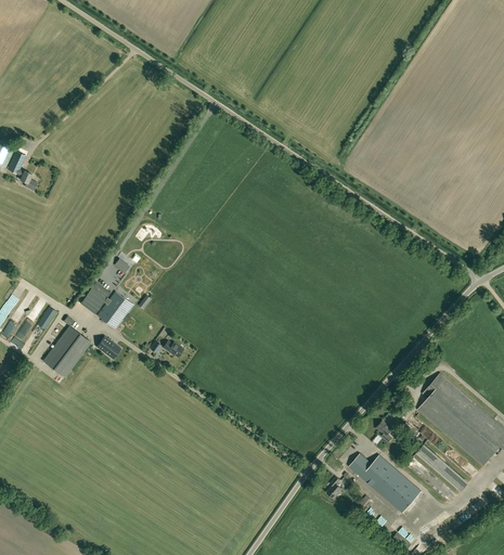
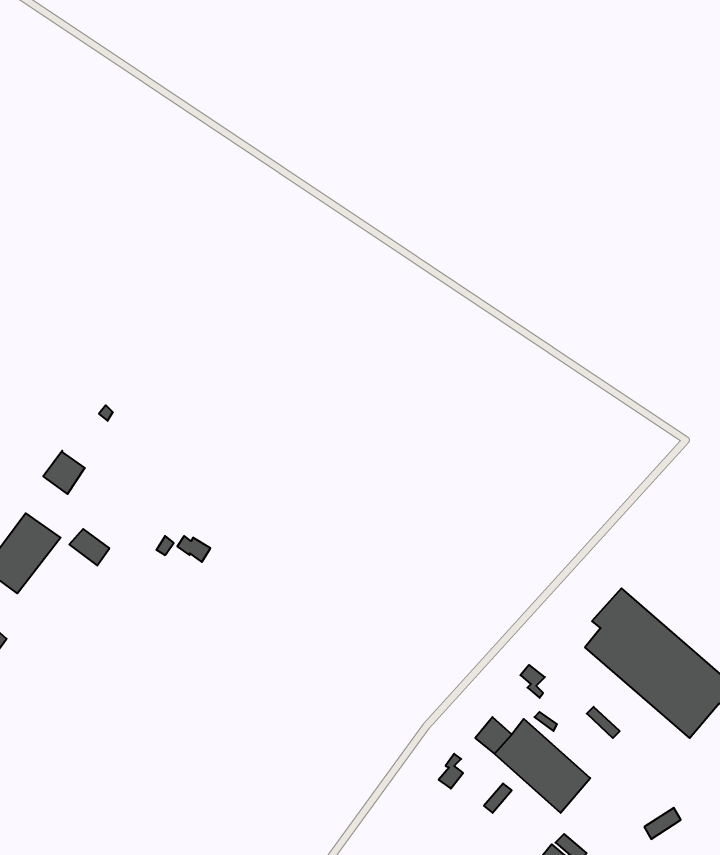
building: [99,292,134,328] -> none

